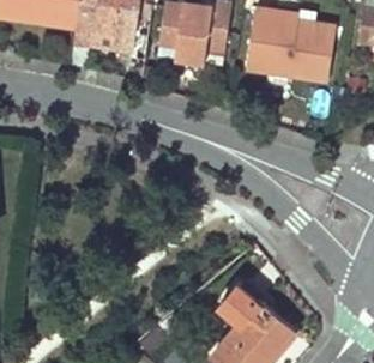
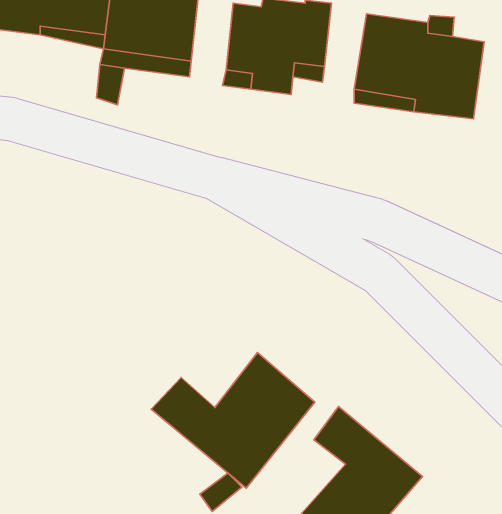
building: none -> [151,352,315,488]

